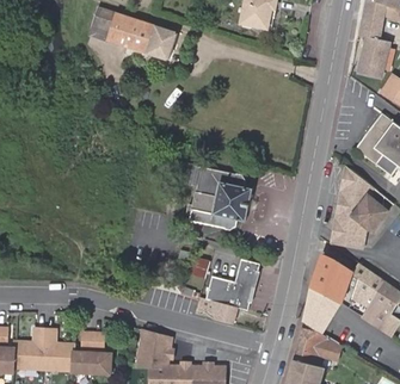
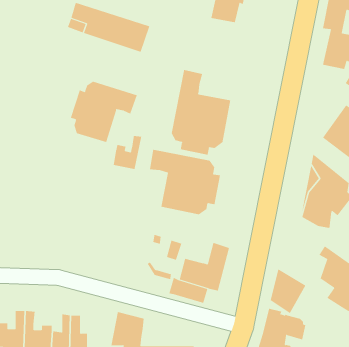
building: none -> [171,69,231,155]
building: none -> [70,81,137,143]
building: none -> [113,135,142,170]
building: [310,253,353,304] -> none

